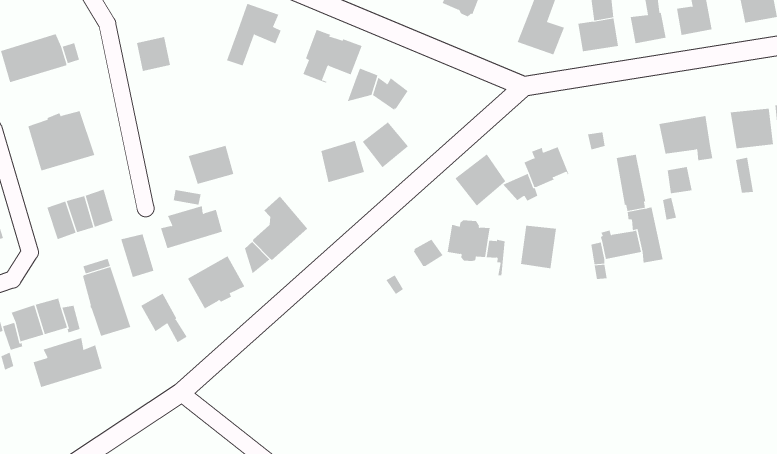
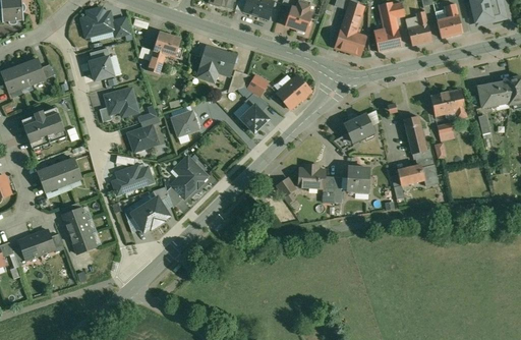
building: none -> [105,88,138,115]
building: [320,140,365,183] -> [170,110,199,138]
building: [454,154,506,206] -> [278,75,311,110]
building: [120,233,154,278] -> none
building: [140,293,187,343] -> none
building: [33,337,103,388] -> none

